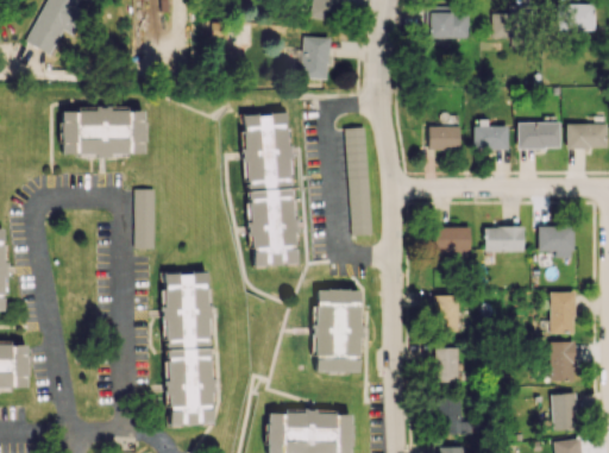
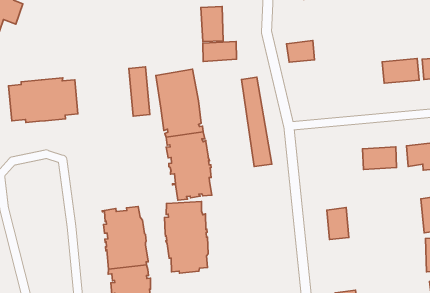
building: none -> [203,42,237,61]
building: [428,126,460,150] -> [287,40,315,62]
building: [473,126,509,150] -> none
building: [136,189,156,247] -> [129,67,150,116]
building: [435,227,471,256] -> none
building: [313,289,364,375] -> [165,201,208,273]
building: [437,347,459,382] -> none

